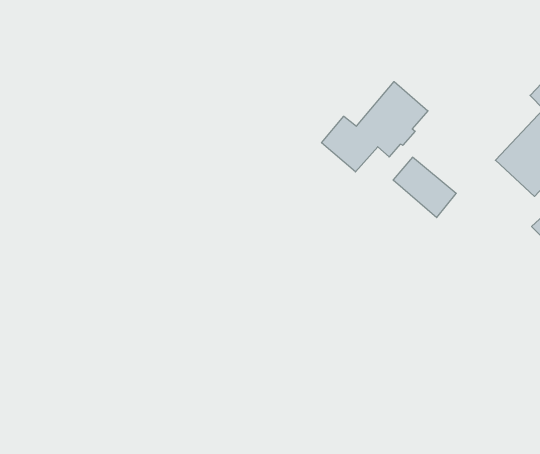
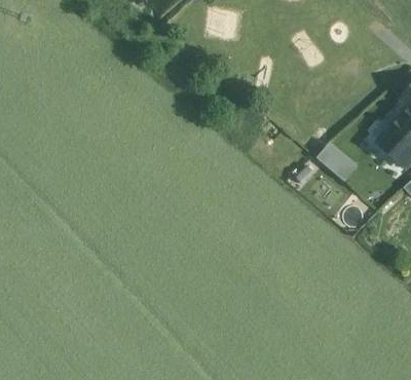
building: [322,82,428,172] -> none

